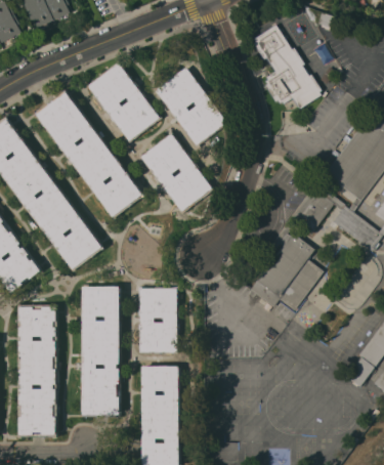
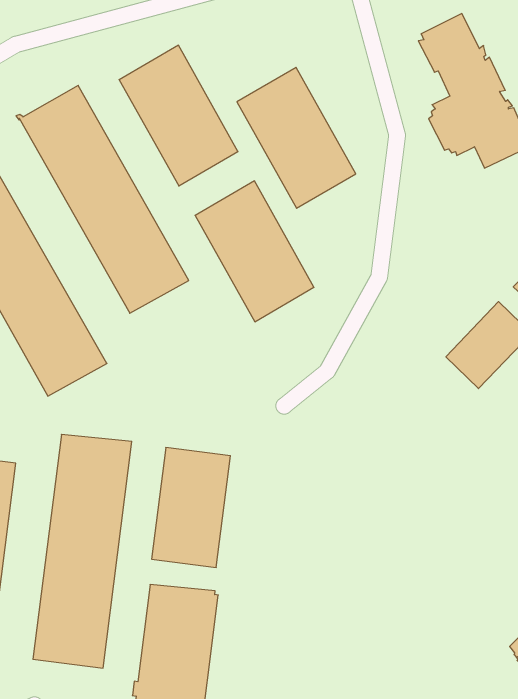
building: [250,232,324,310] -> none

